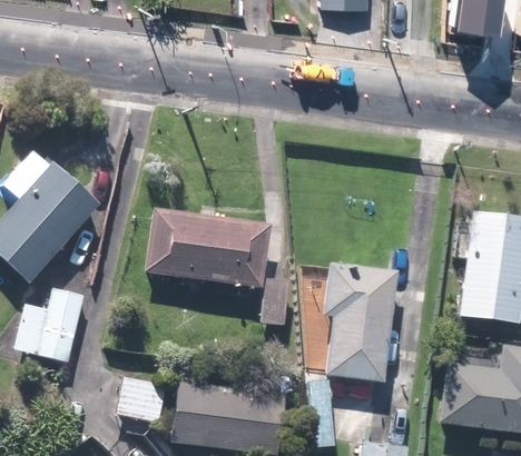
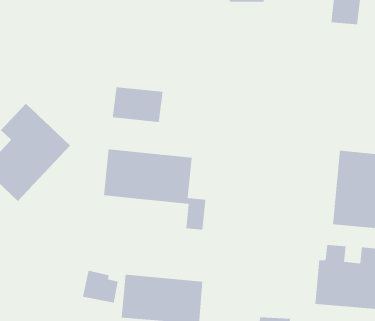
building: none -> [112,86,163,123]
building: [308,262,395,435] -> none
building: [11,286,83,361] -> none

